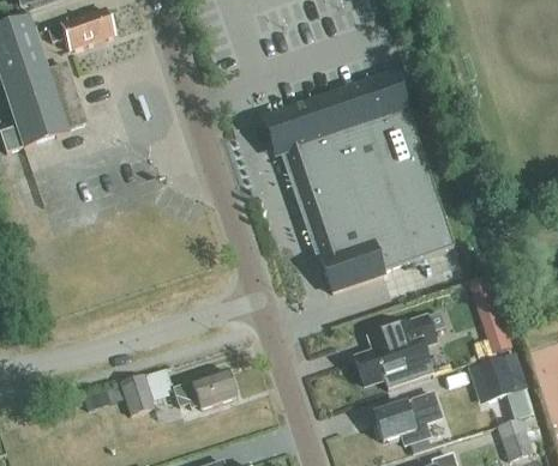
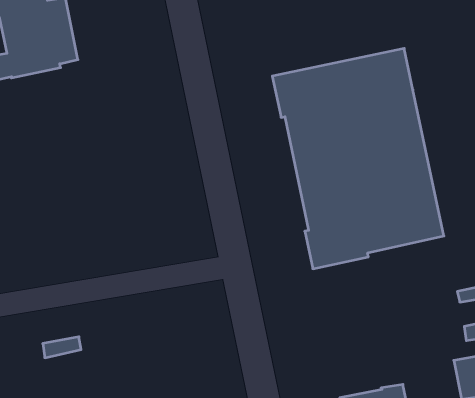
building: [355,310,444,388] -> none
building: [173,368,235,406] -> none
building: [120,374,154,413] -> none

